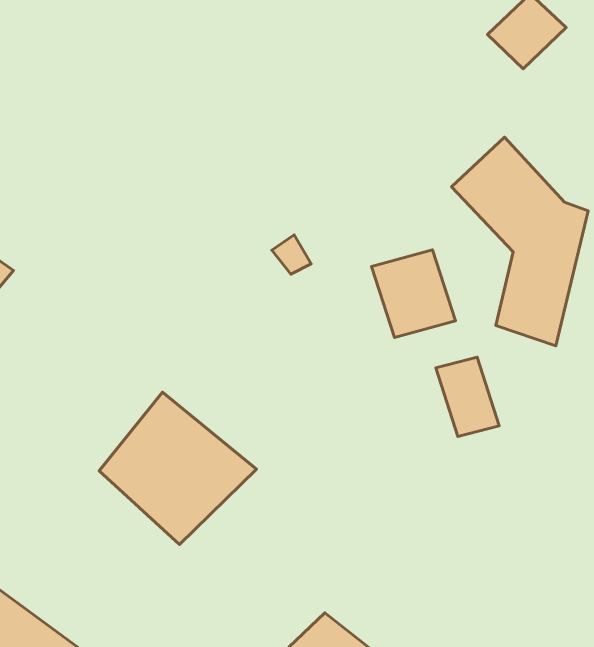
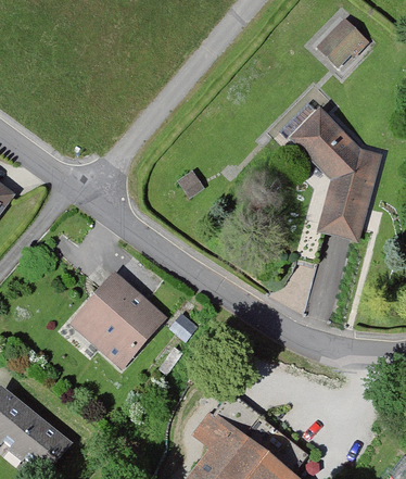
building: [372,250,455,337] -> none
building: [436,357,499,436] -> none

